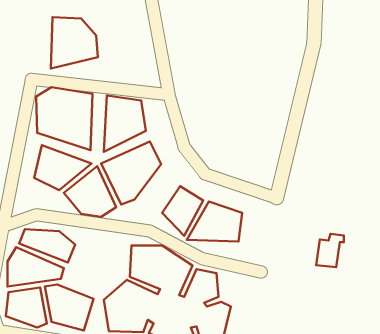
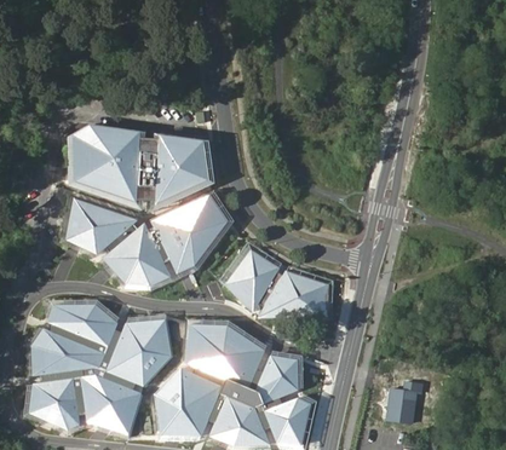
building: [51,17,98,68] -> none
building: [316,234,344,267] -> [387,379,422,421]
building: none -> [104,318,172,387]

